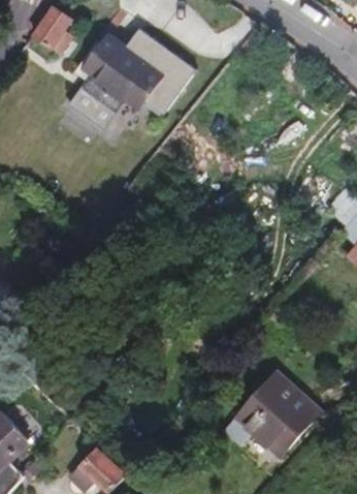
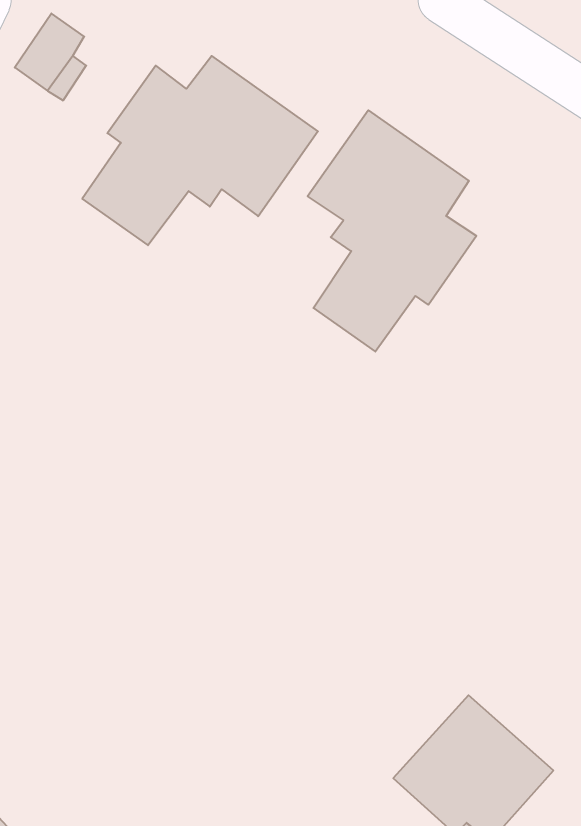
building: none -> [308,110,476,352]

